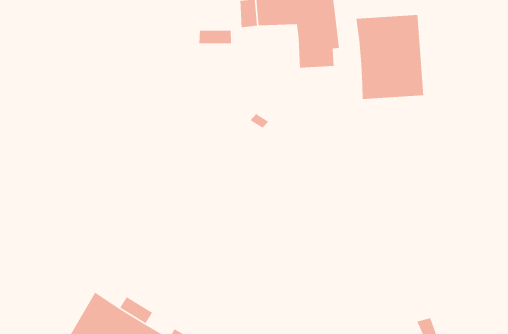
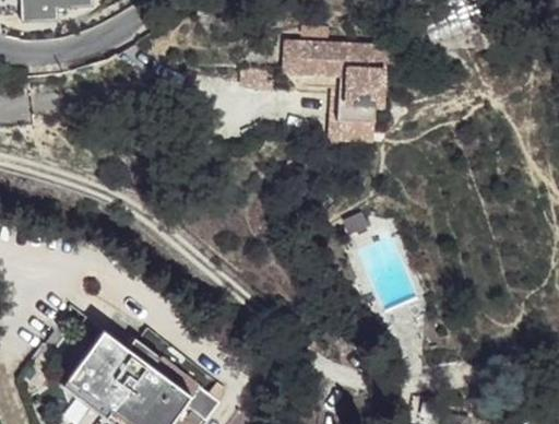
building: [356,14,424,100] -> none

